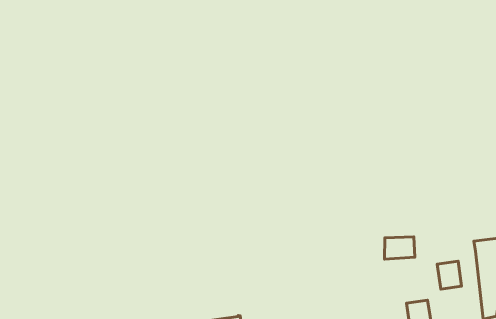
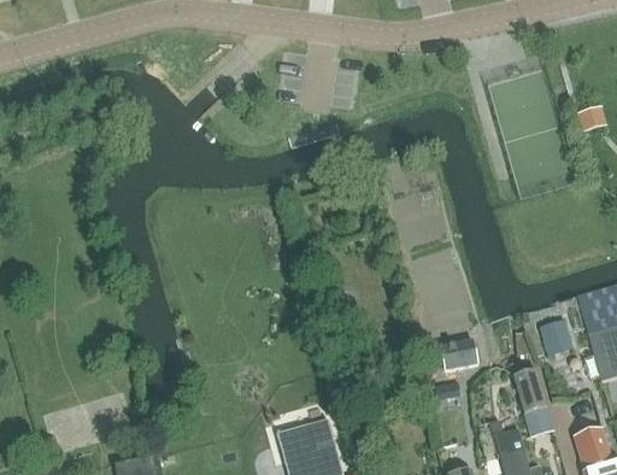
building: [385,237,415,259] -> [440,339,477,369]

